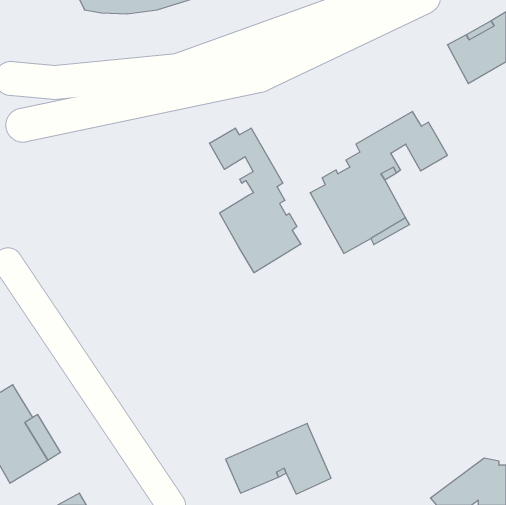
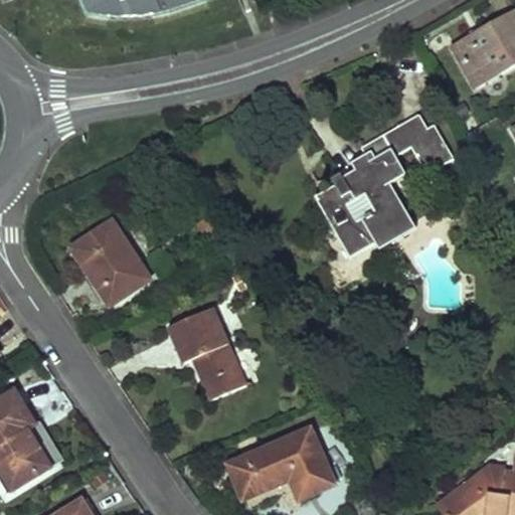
building: [209,128,301,273] -> none
building: none -> [71,221,149,305]
building: none -> [168,308,244,398]

